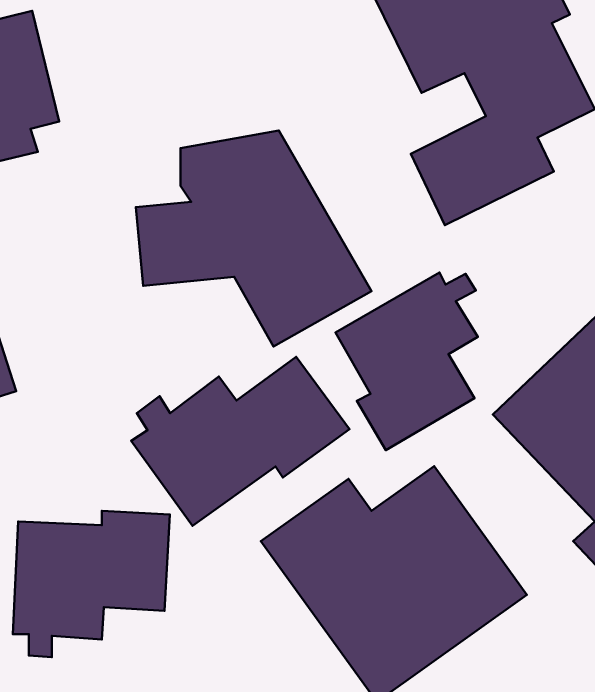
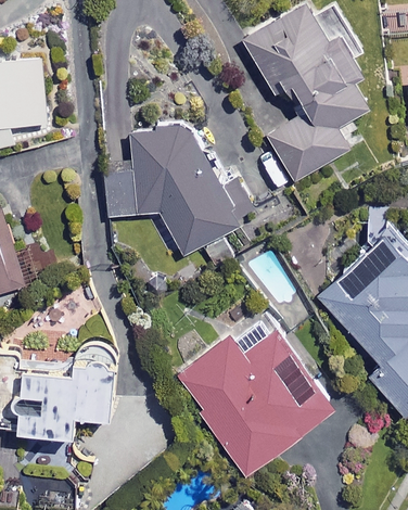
building: [335,272,478,450] -> none
building: [131,357,350,526] -> none

